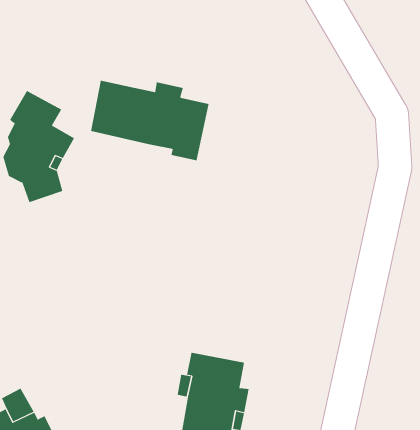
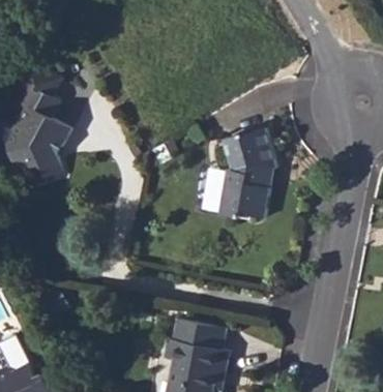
building: [90,80,209,161] -> none
building: none -> [216,126,275,216]

